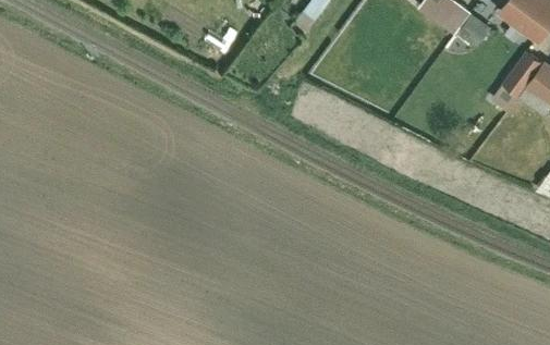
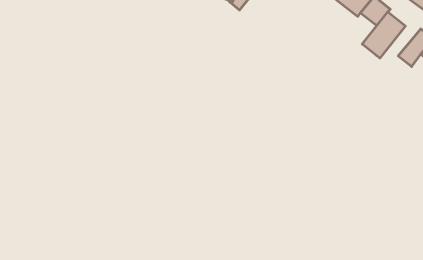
building: none -> [362,12,405,58]

